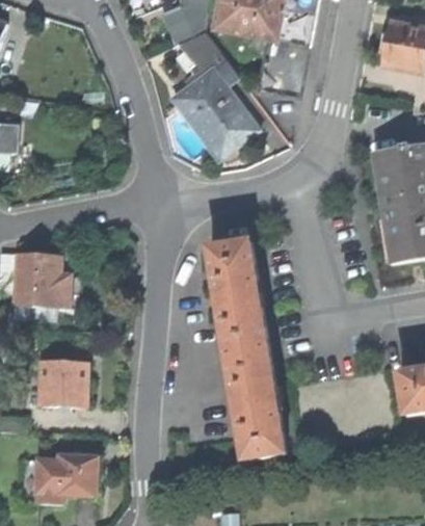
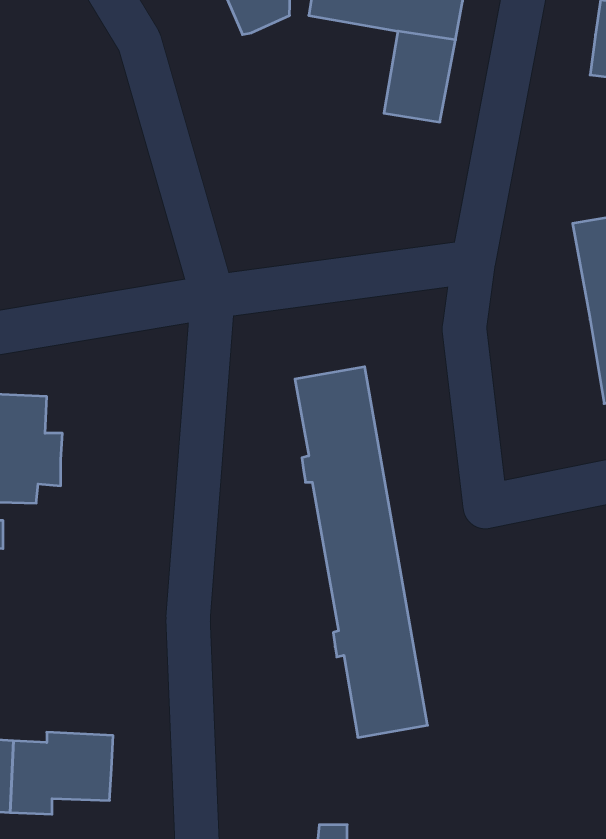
building: [181,29,221,69] -> none
building: [176,70,254,160] -> none
building: [38,361,87,407] -> none

